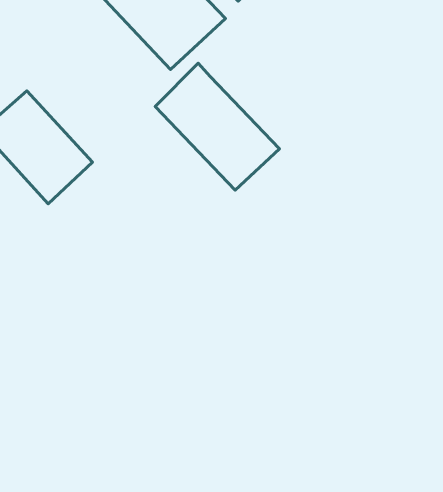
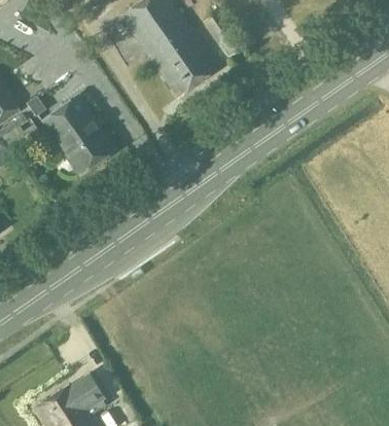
building: [155,63,280,190] -> none

